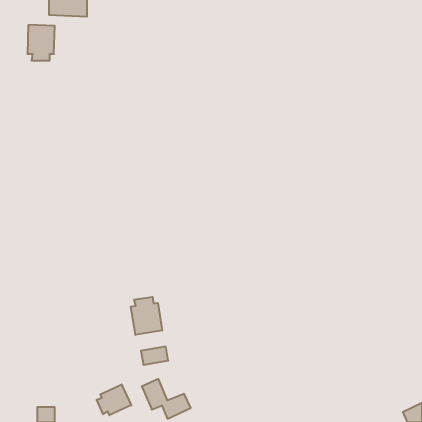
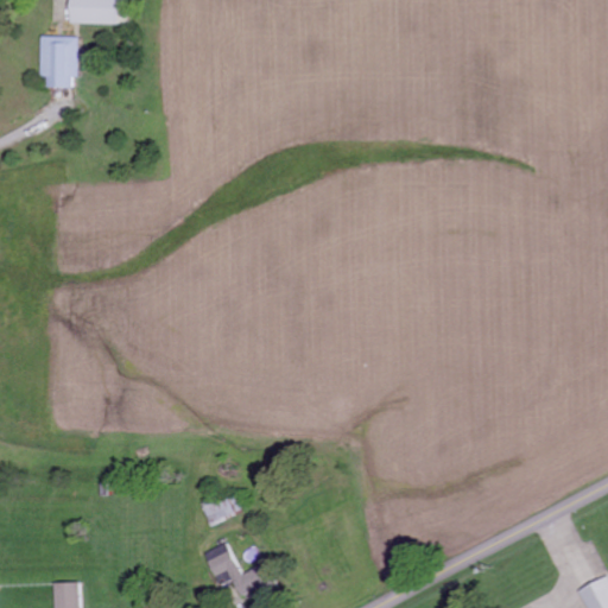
building: [131,297,162,335] -> none
building: [97,384,131,415] -> none

